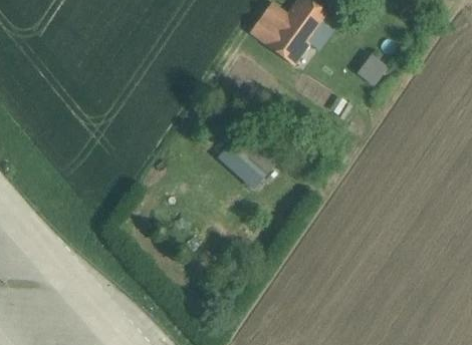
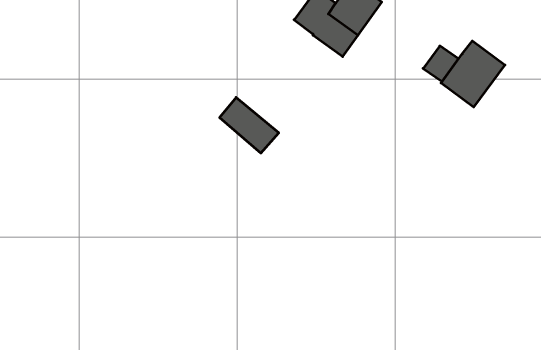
building: none -> [441,41,505,107]
building: [222,138,272,186] -> [220,97,279,153]

